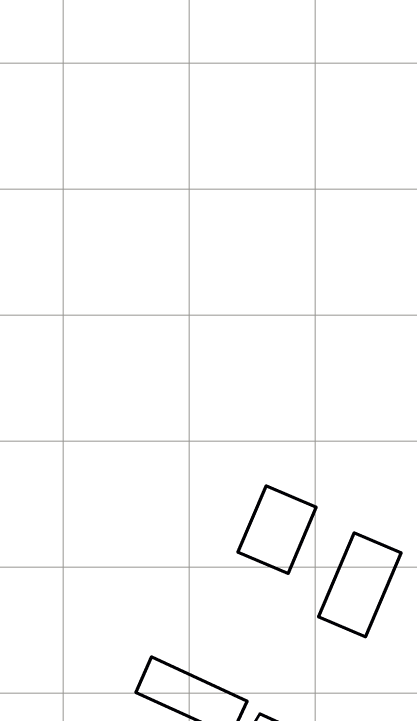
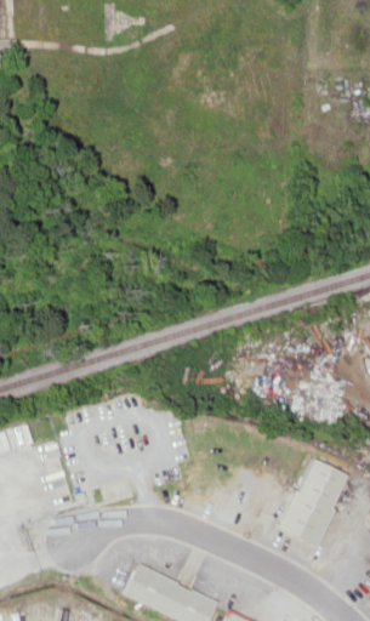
building: [238,486,316,574] -> none

